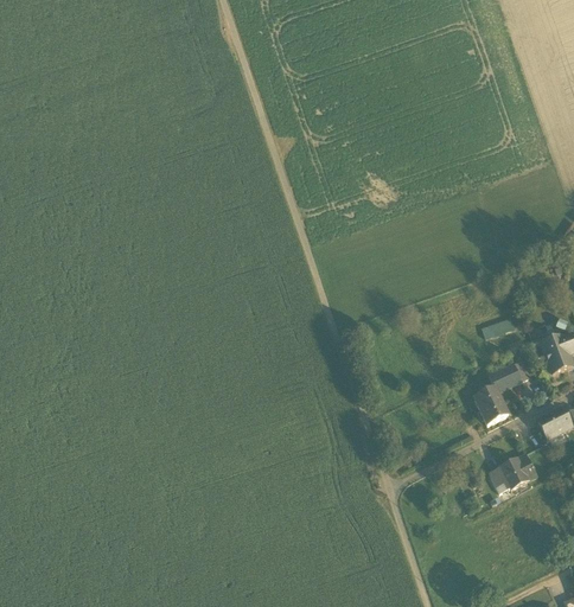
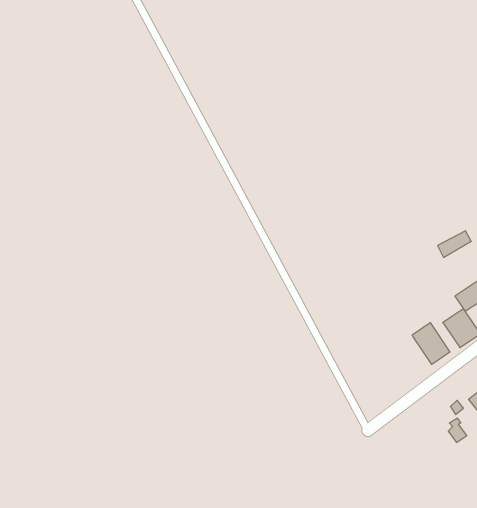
building: none -> [412,323,450,364]

